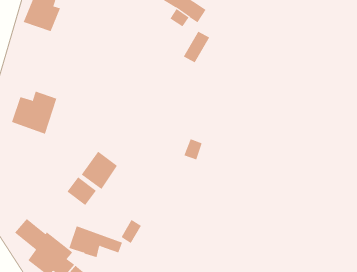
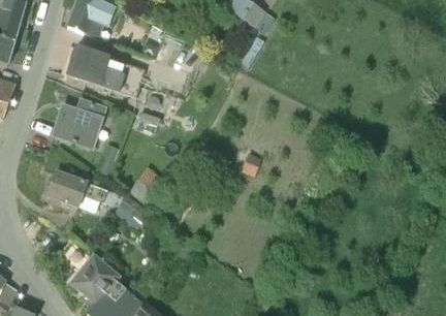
building: none -> [66,46,144,95]
building: [68,225,123,258] -> [46,171,105,207]

